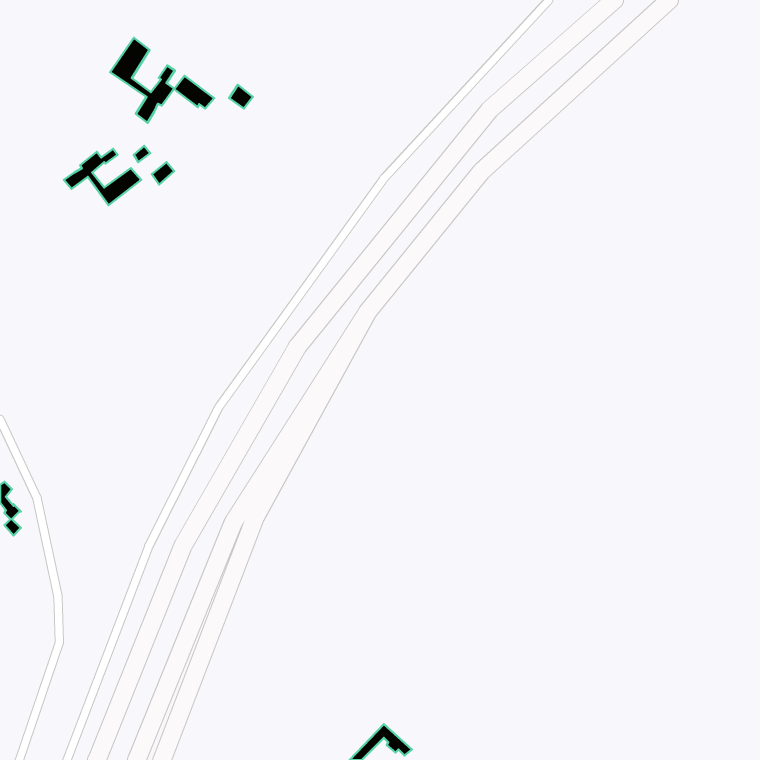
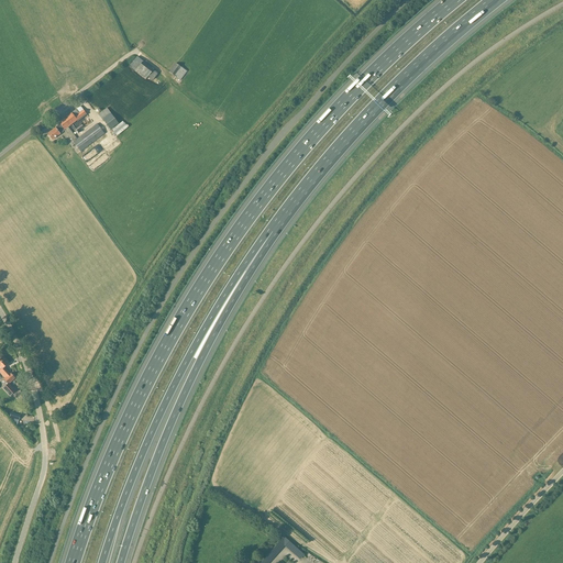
building: [110,38,175,123] -> none

